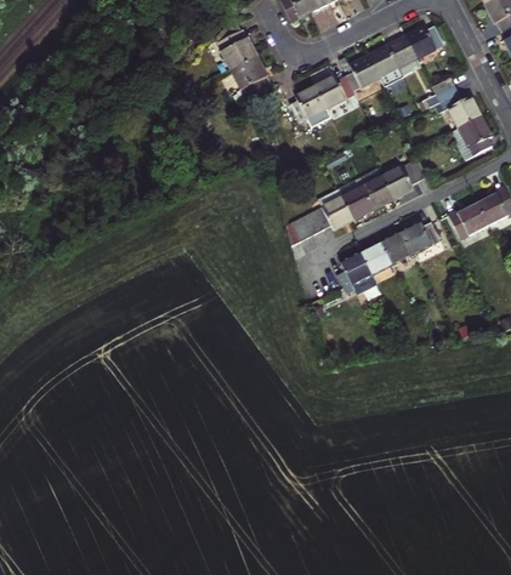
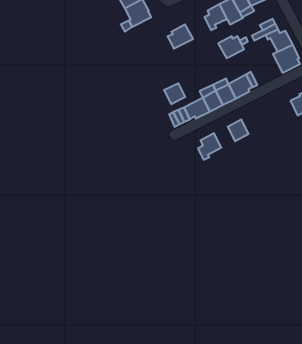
building: [322,75,360,108] -> [218,36,244,58]
building: none -> [164,83,185,104]
building: [452,201,492,237] -> none
building: [407,218,447,251] -> none
building: [365,240,397,272] -> none

